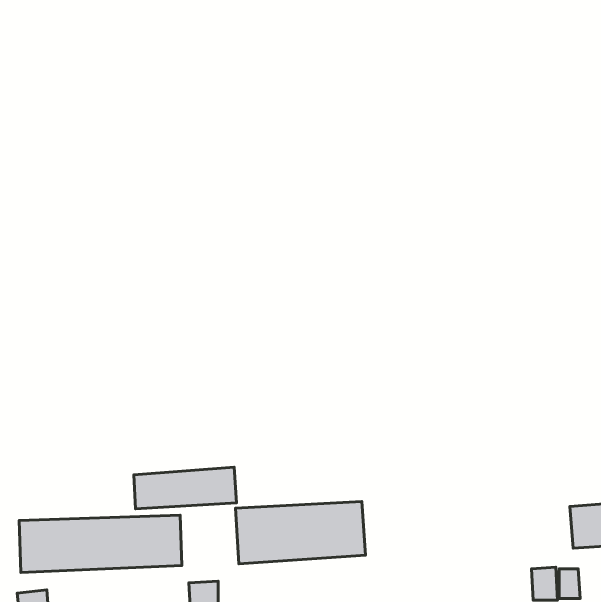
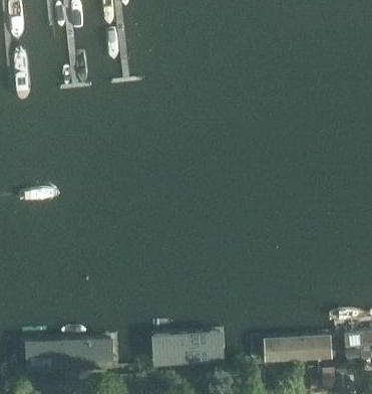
building: [134,467,236,509] -> none
building: none -> [251,335,333,363]

